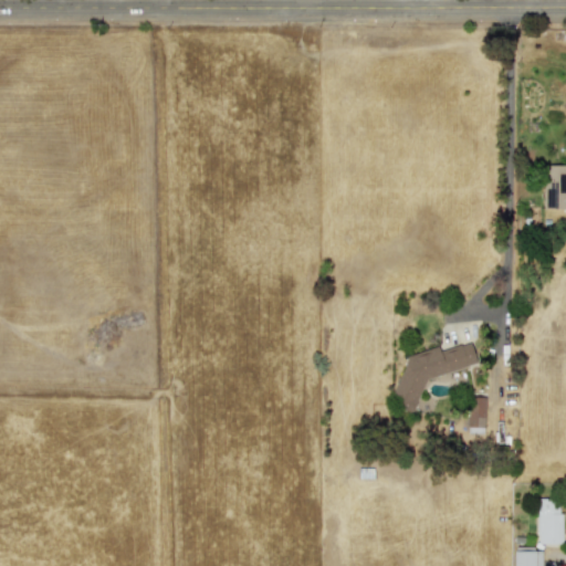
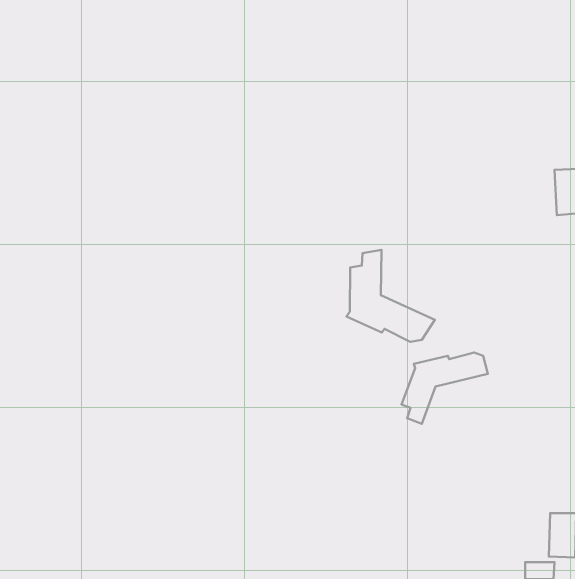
building: none -> [347,250,435,342]
building: [469,397,489,433] -> none

